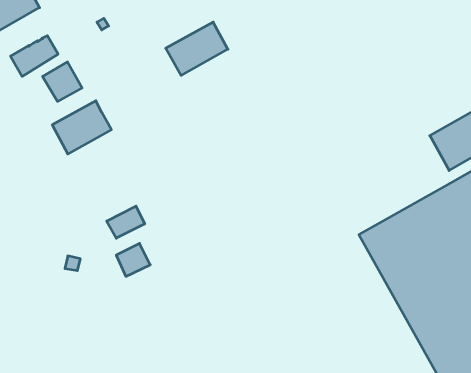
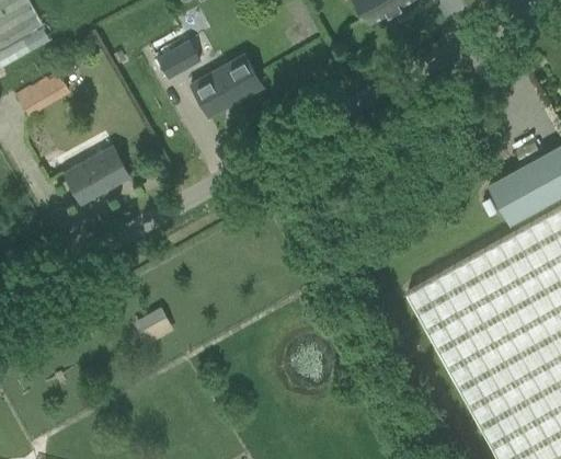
building: none -> [156,39,199,79]
building: [43,62,82,101] -> none
building: [107,206,145,238] -> none

